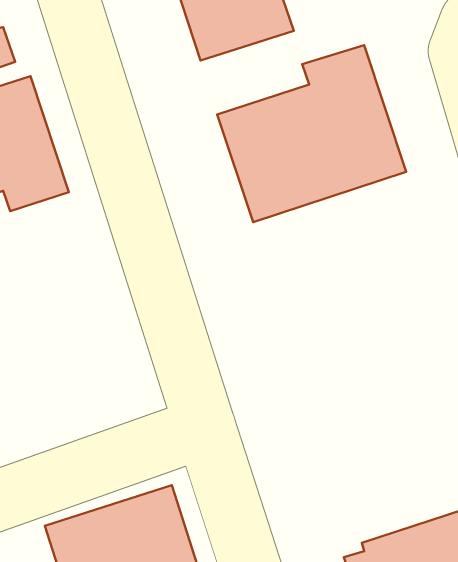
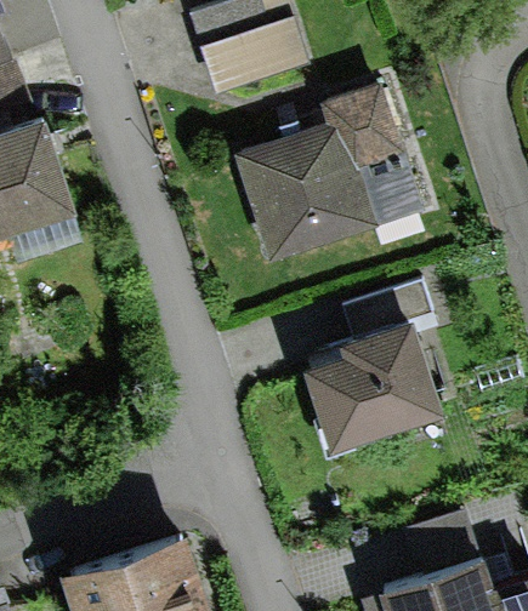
building: none -> [301,286,444,449]

